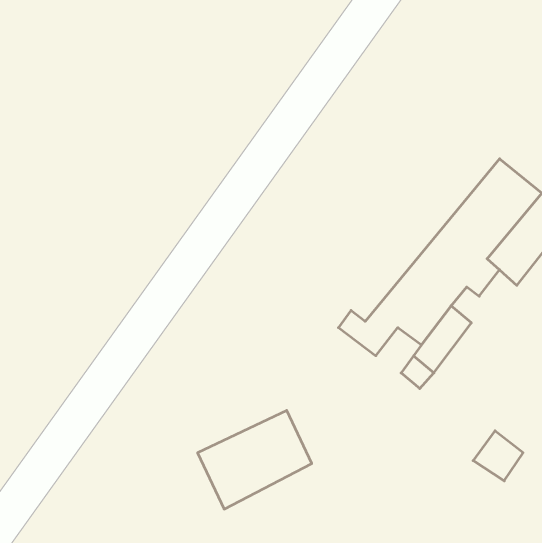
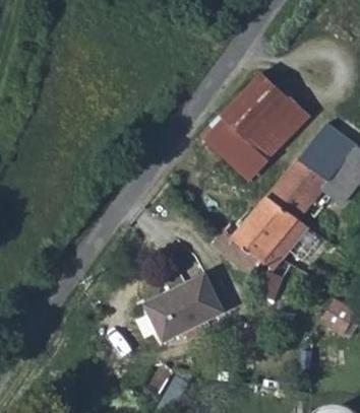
building: none -> [206,67,311,171]

